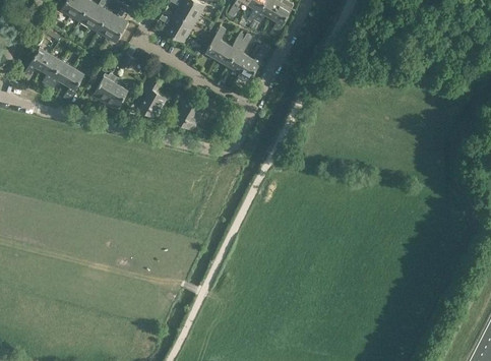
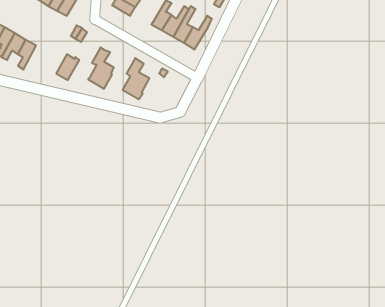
building: [91,70,119,103] -> none

